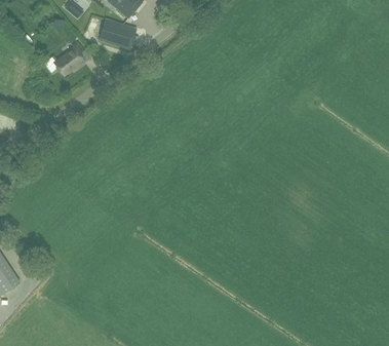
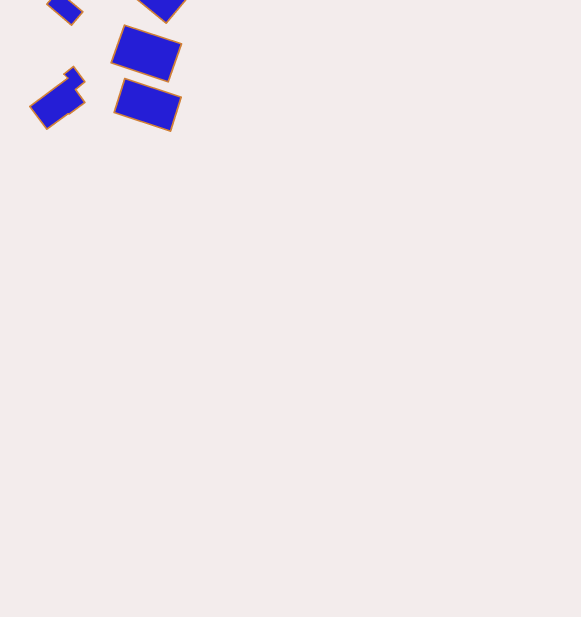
building: none -> [114,79,181,131]

